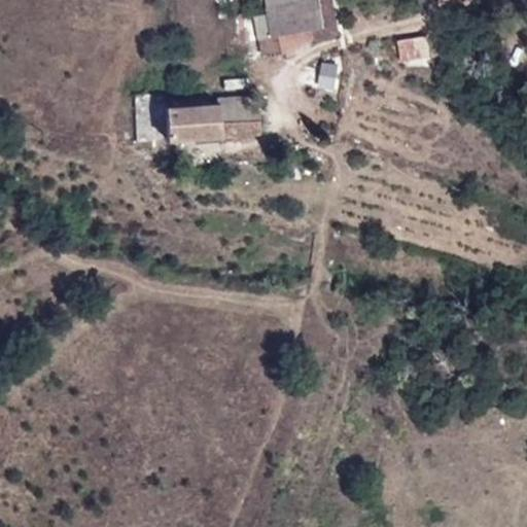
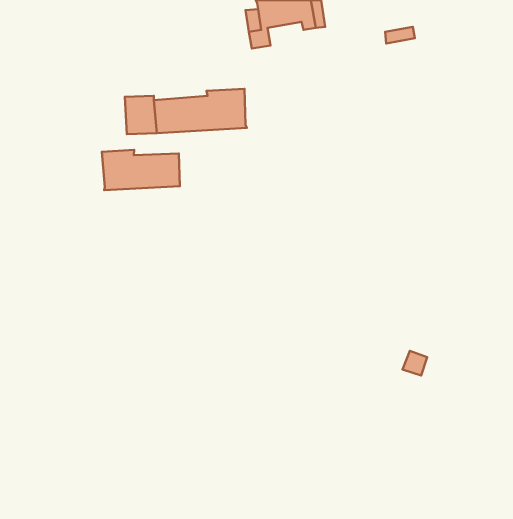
building: none -> [102,150,180,190]

